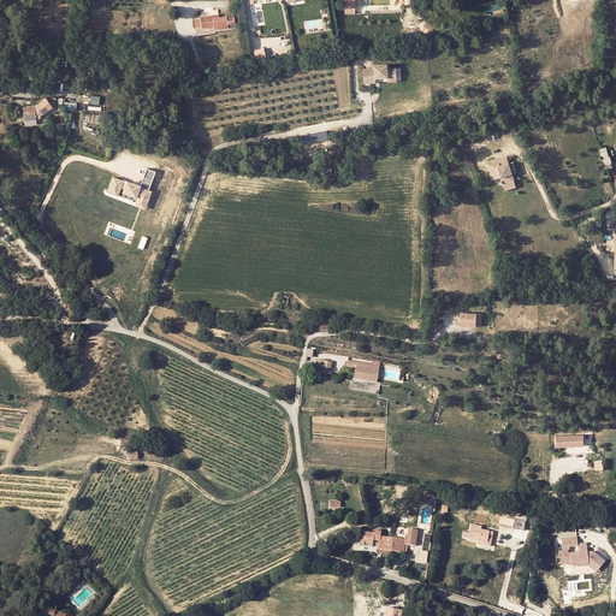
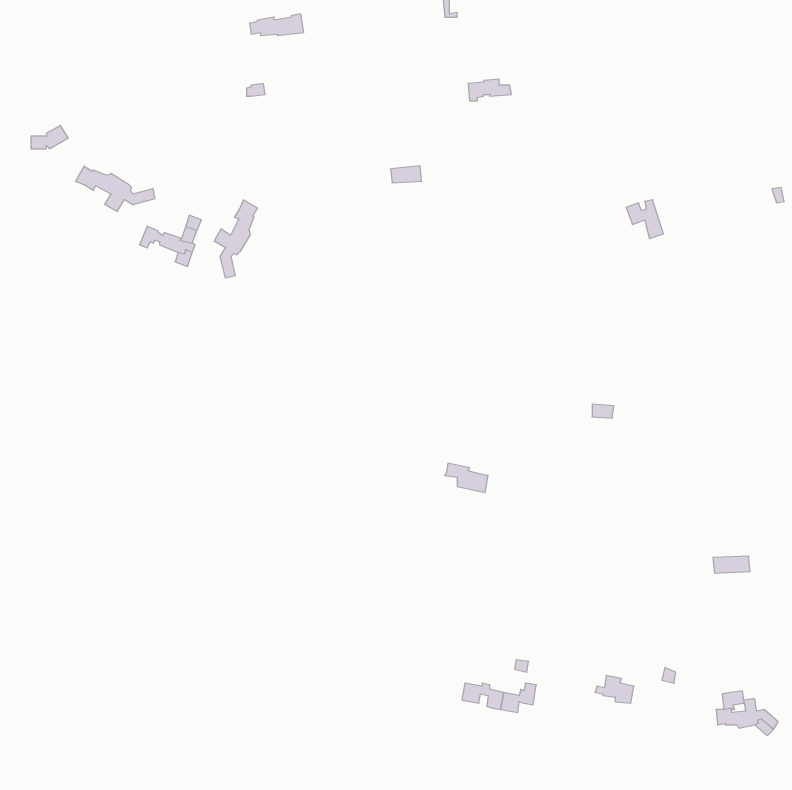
building: none -> [75,166,155,212]
building: none -> [214,200,258,278]

